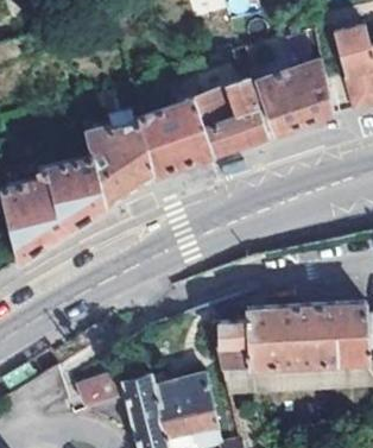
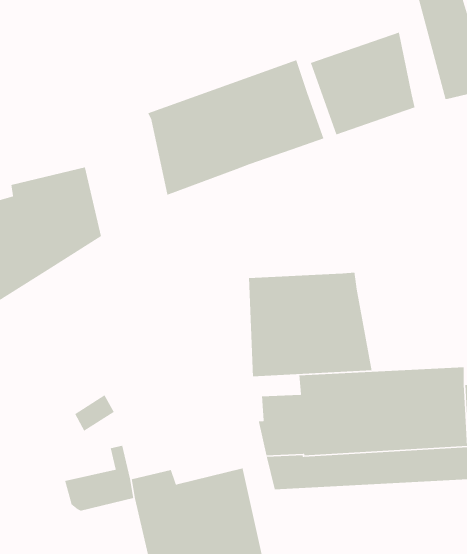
building: [84,120,150,206] -> none
building: none -> [248,272,373,377]

